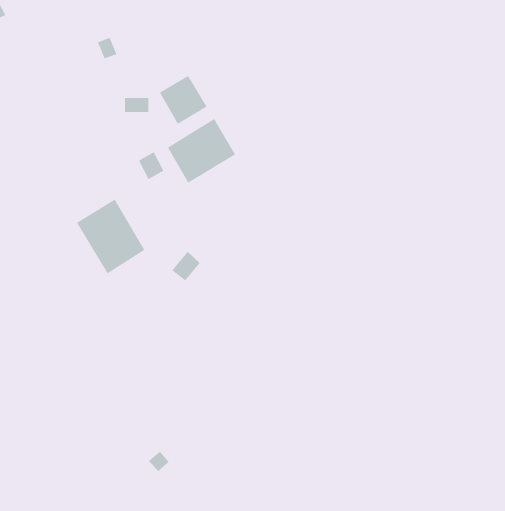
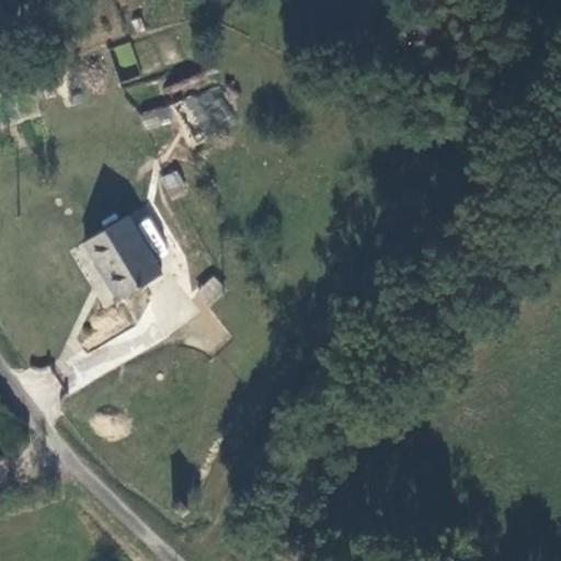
building: [167,118,236,184] -> none

